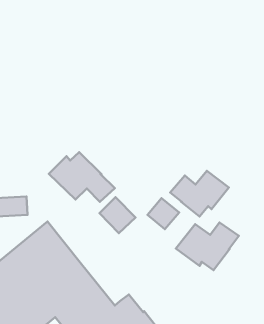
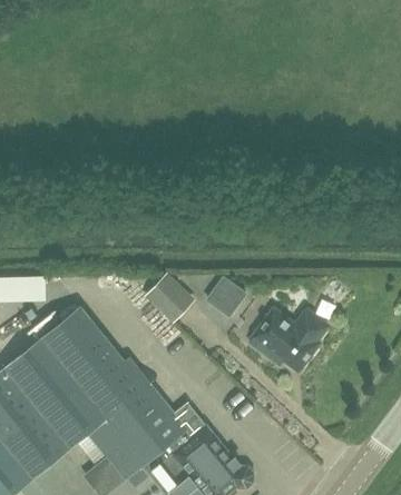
building: [49,152,115,202] -> none
building: [170,171,229,217] -> none

